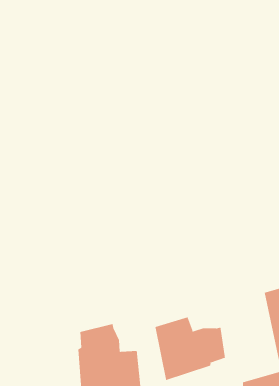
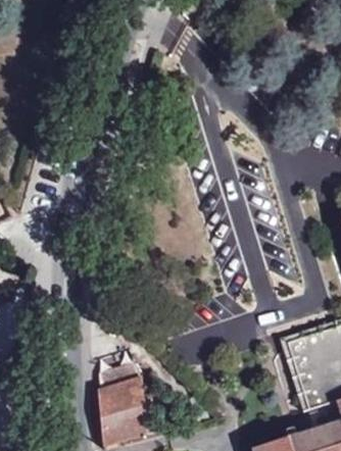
building: [155,317,226,381] -> none

